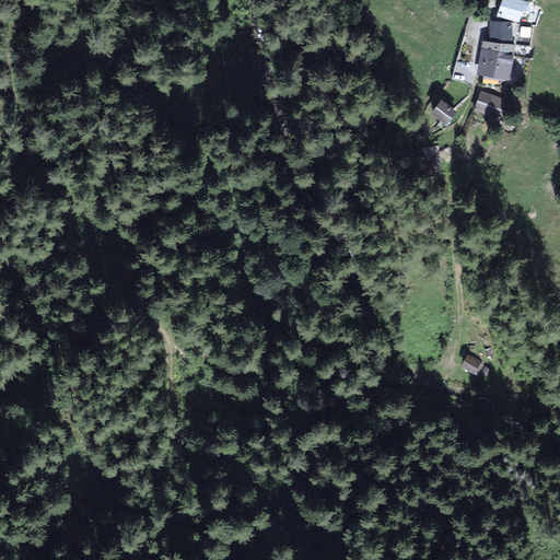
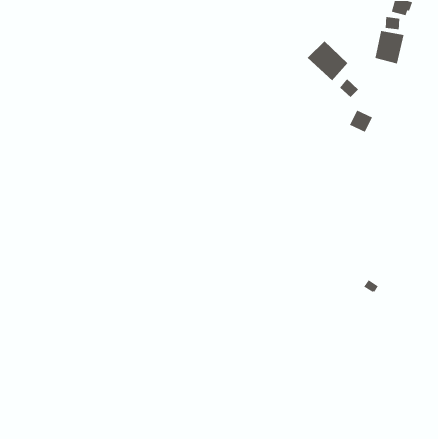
building: none -> [307,41,348,81]
building: [470,89,501,118] -> [349,110,373,133]

